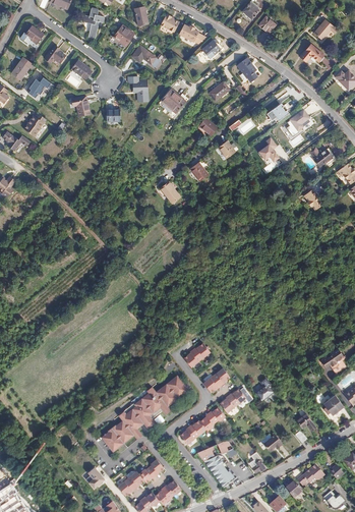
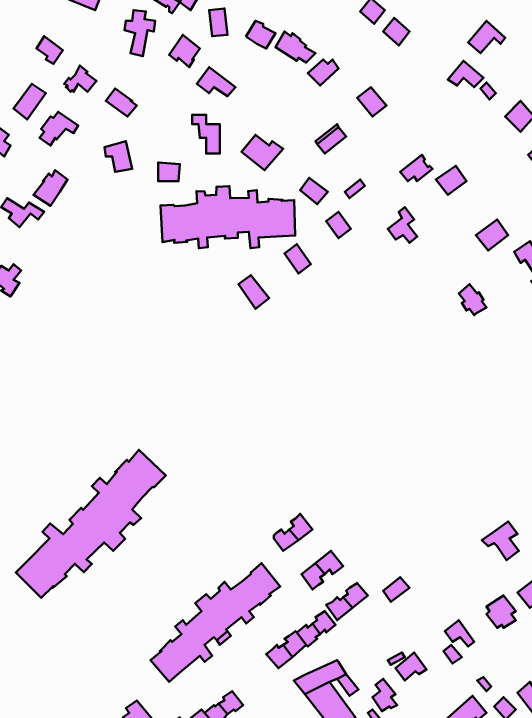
building: none -> [161,186,295,248]
building: none -> [16,450,166,598]

